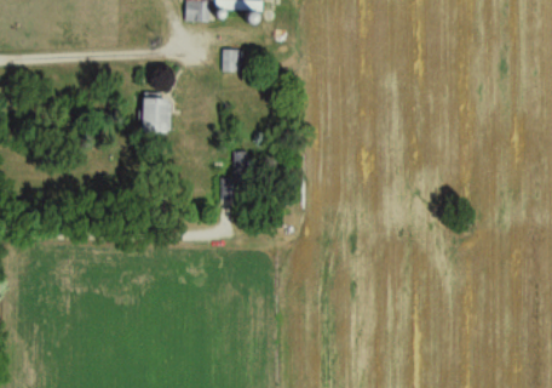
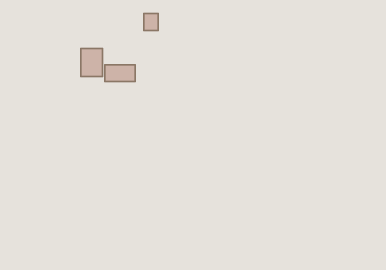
building: none -> [105,65,135,82]

